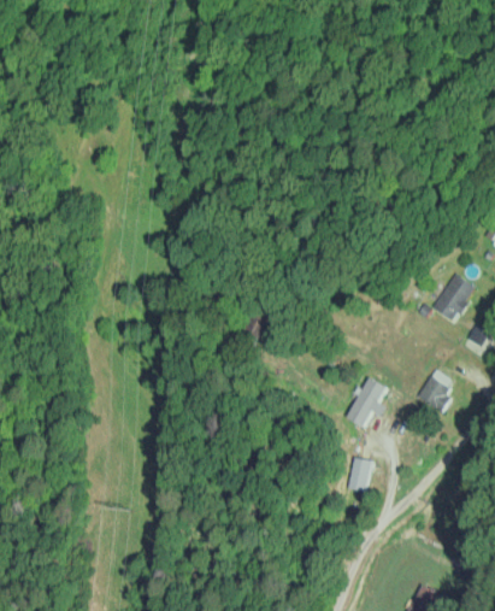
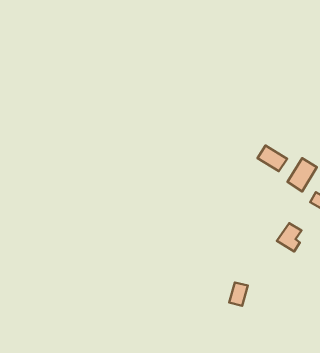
building: none -> [258,146,287,171]
building: [348,378,387,428] -> none

